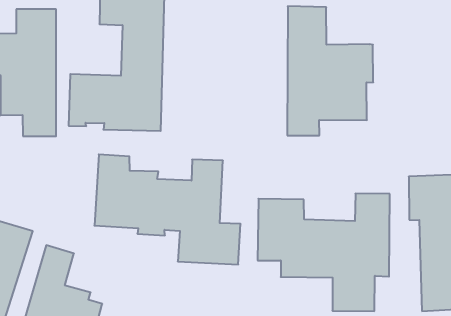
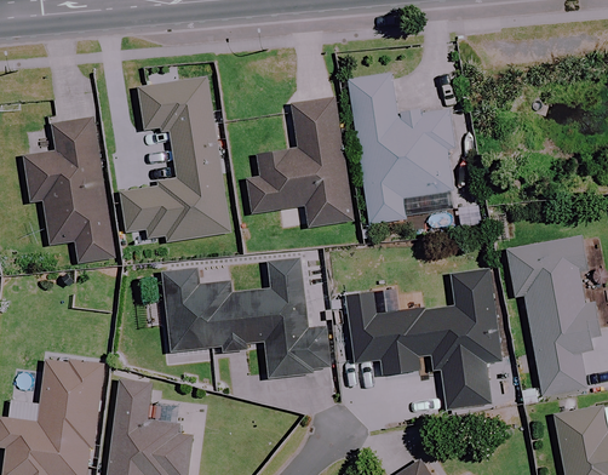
building: none -> [248,99,352,227]

